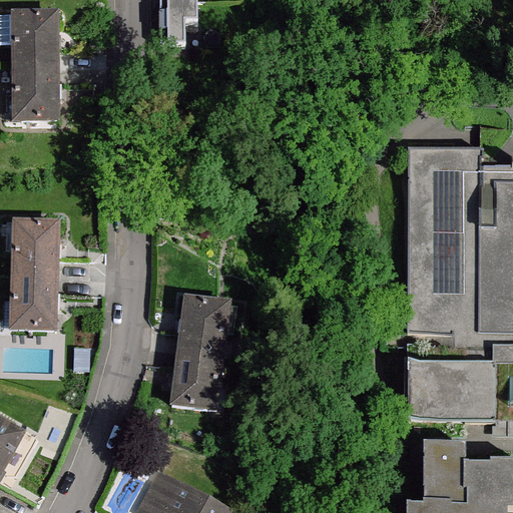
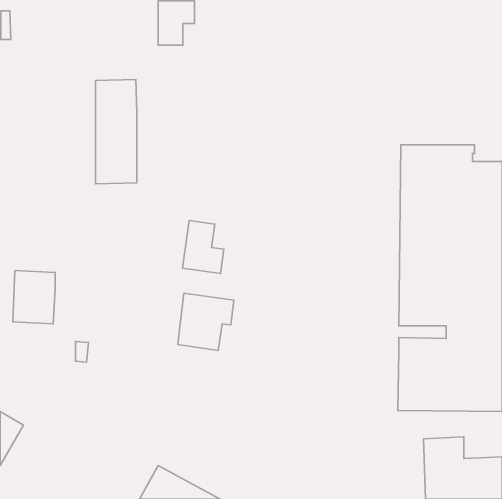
building: [15,14,57,120] -> [95,79,137,184]
building: [15,223,58,278] -> none
building: none -> [183,220,224,274]
building: [174,351,227,410] -> none

